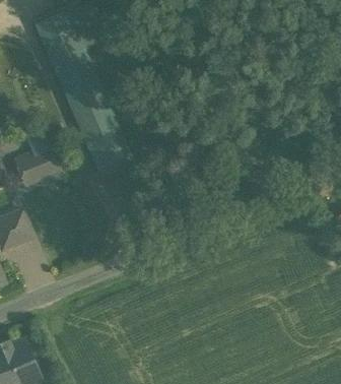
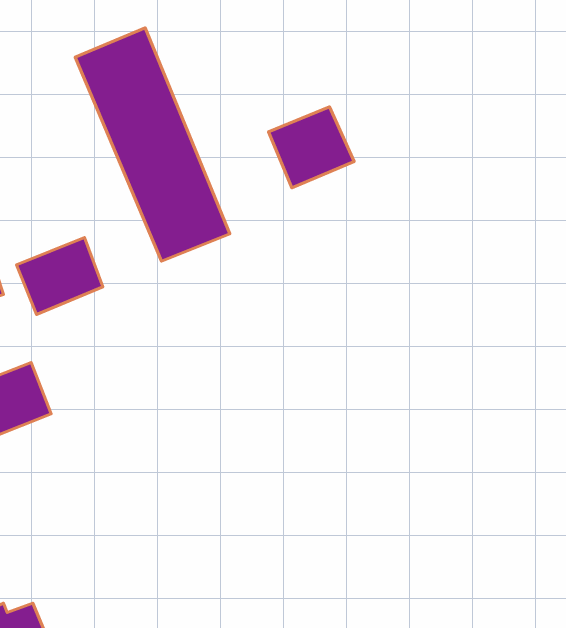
building: none -> [268,107,354,188]

